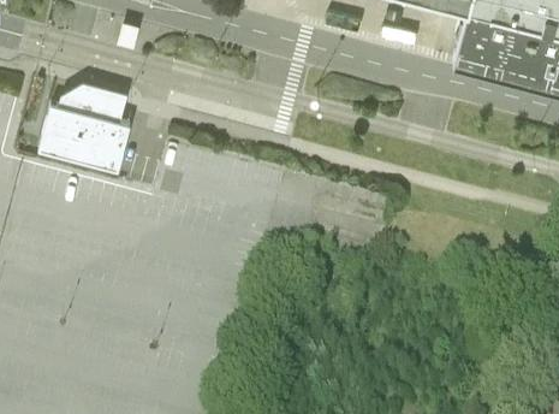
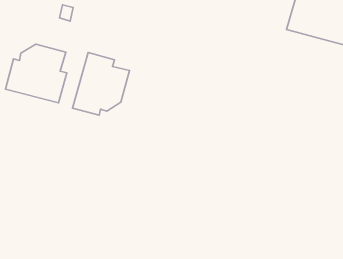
building: none -> [73,53,129,115]

